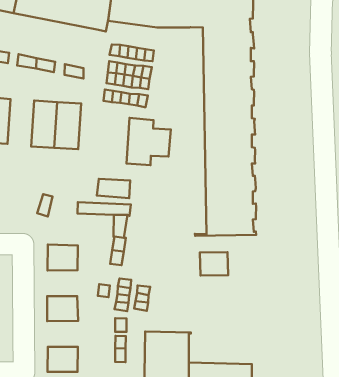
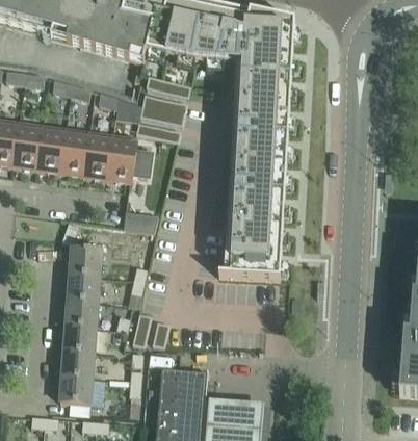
building: none -> [35,124,66,173]
building: [127,118,171,165] -> [106,133,153,182]
building: none -> [69,248,101,276]
building: [200,252,228,275] -> none
building: none -> [64,299,97,327]
building: none -> [61,349,94,378]

